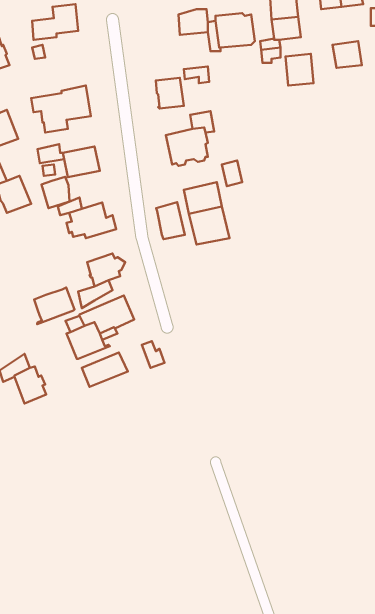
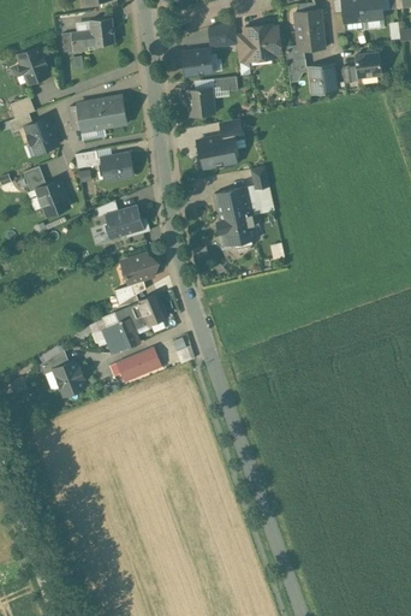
building: none -> [183,51,212,76]
building: [42,177,70,208] -> none
building: [156,202,185,239] -> none
building: [34,288,75,324] -> none

